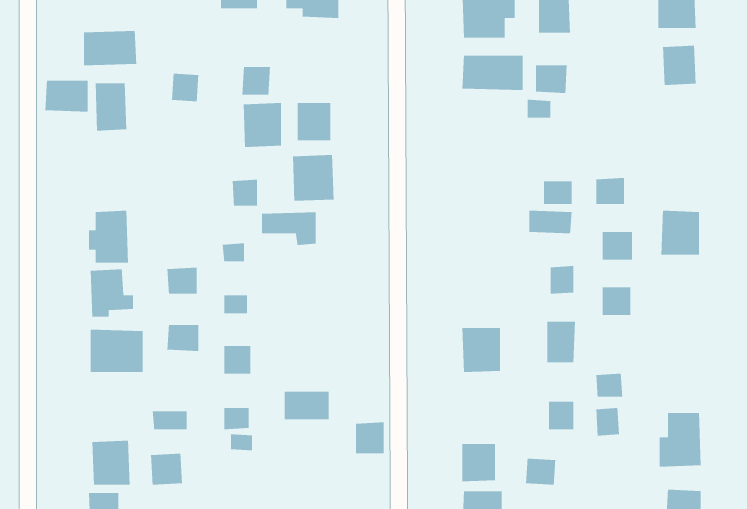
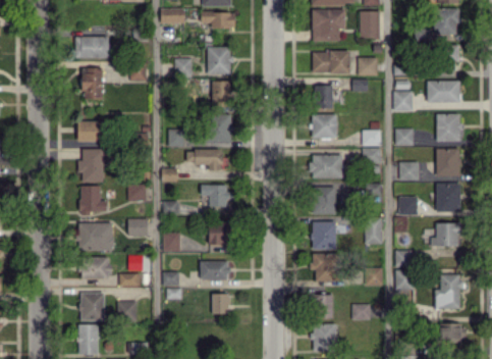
building: [44,80,88,112] -> [77,121,105,142]
building: [243,102,282,148] -> [207,46,231,74]
building: none -> [427,81,460,102]
building: none -> [315,85,333,108]
building: none -> [393,91,413,111]
building: none -> [436,113,460,142]
building: none -> [312,114,337,139]
building: none -> [311,154,343,177]
building: none -> [436,184,460,212]
building: none -> [201,185,228,207]
building: none -> [313,187,336,214]
building: none -> [209,221,229,244]
building: none -> [431,222,459,246]
building: none -> [313,253,338,280]
building: none -> [81,256,111,278]
building: [355,422,385,454] -> [212,293,230,313]

